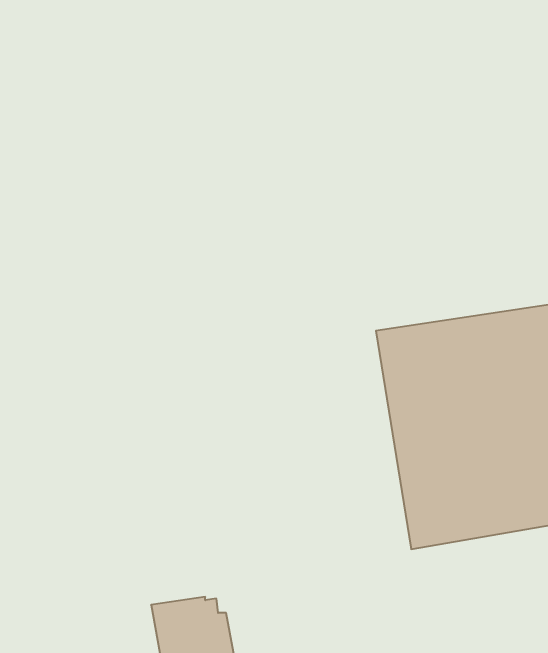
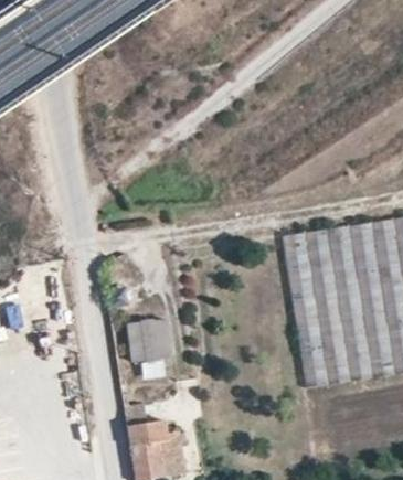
building: none -> [131,320,172,381]

